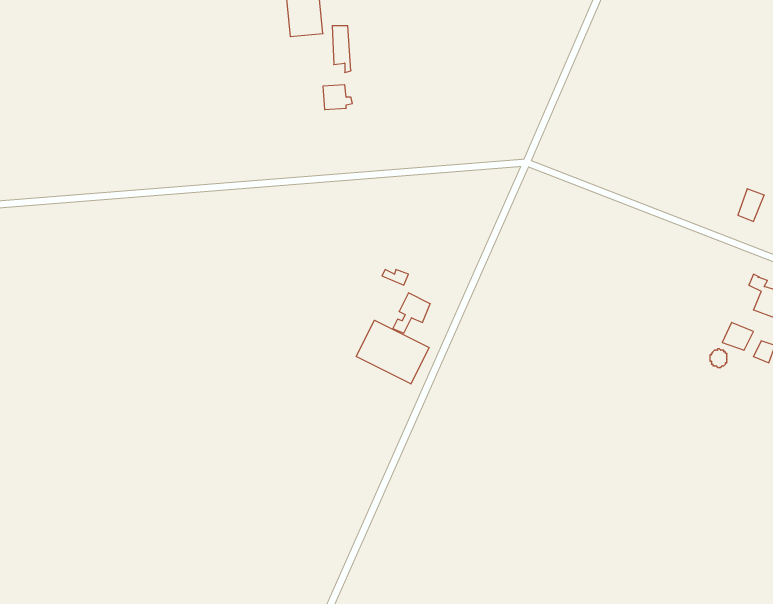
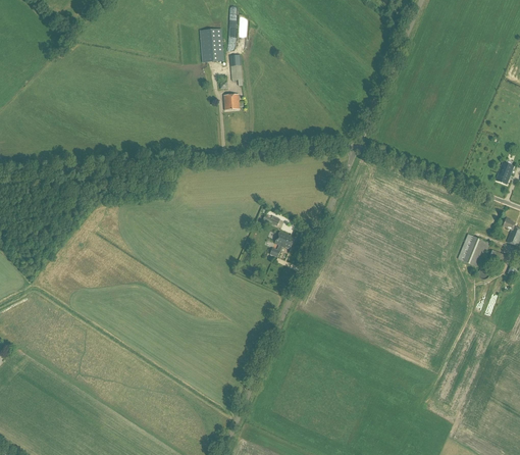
building: none -> [457,234,489,267]
building: [356,320,429,384] -> none

